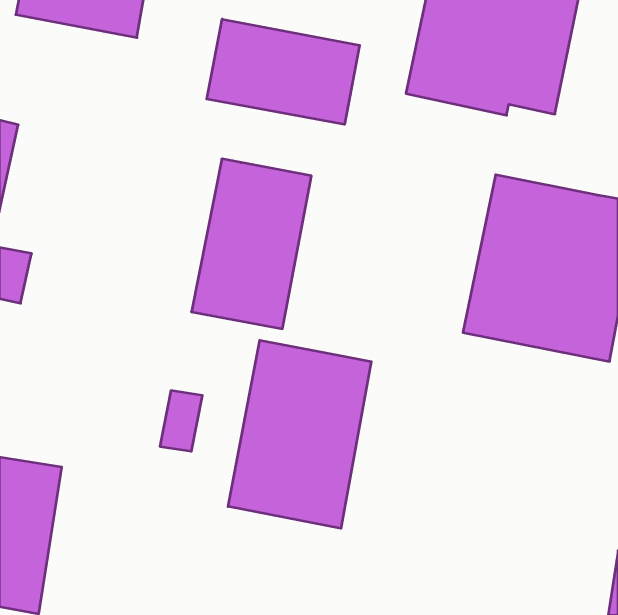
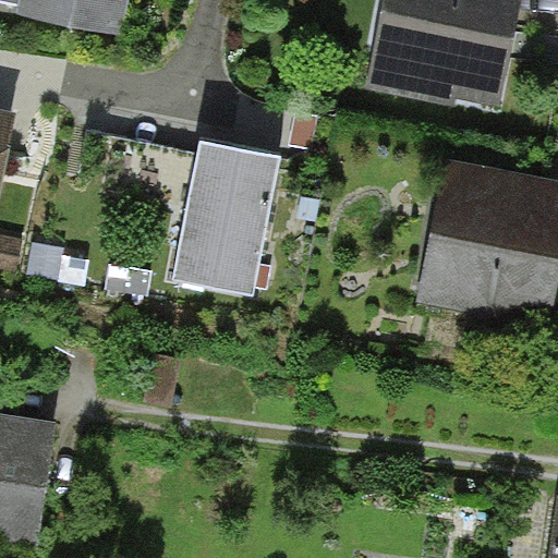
building: [207,19,360,124] -> none
building: [228,340,371,528] -> none

